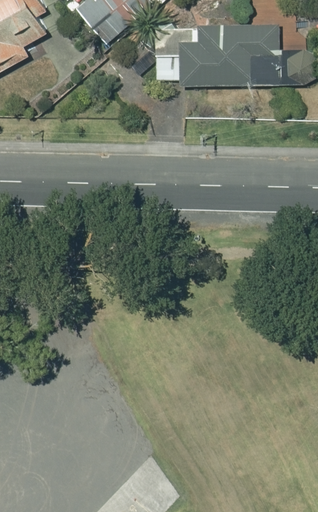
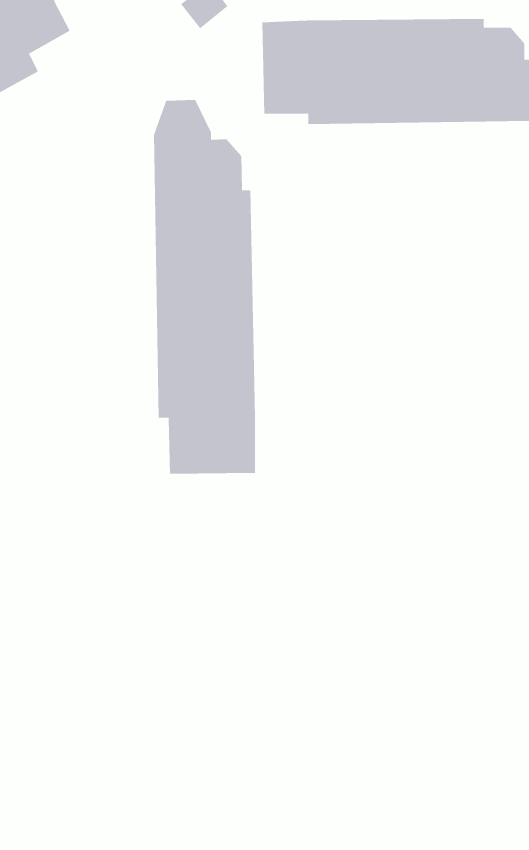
building: none -> [154,99,255,475]

